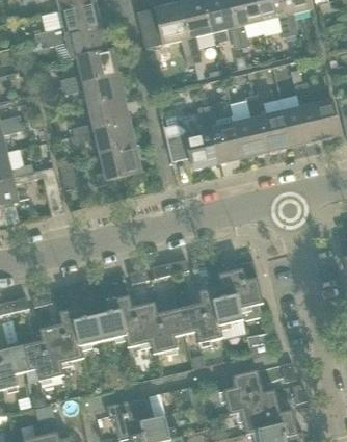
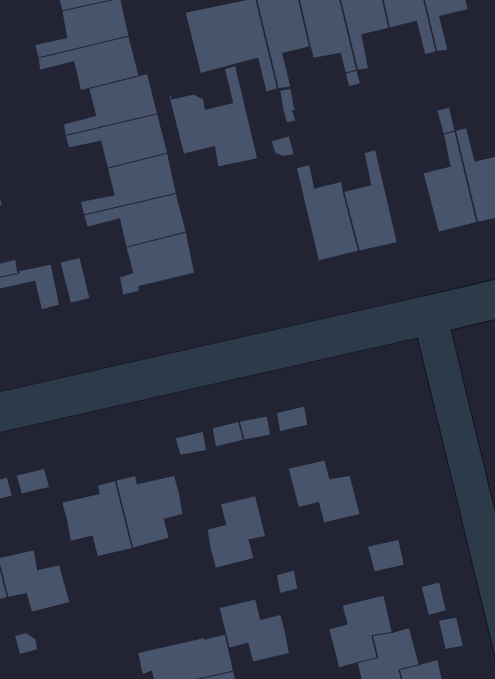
building: [252,93,291,152] -> none
building: [162,106,217,168] -> [168,66,258,167]
building: [218,260,263,308] -> none
building: [123,302,160,346] -> none
building: [179,303,222,341] -> [219,599,290,662]
building: [39,323,84,362] -> none

